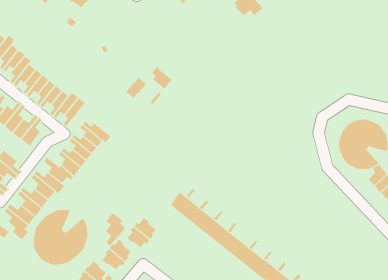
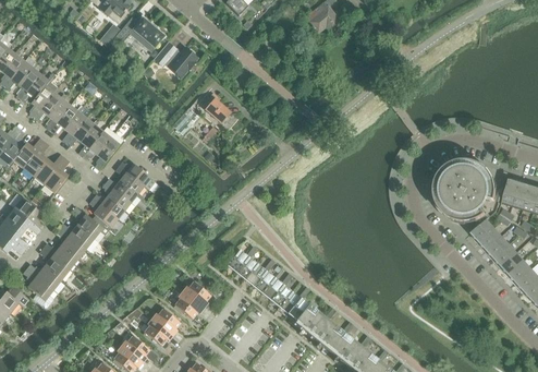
building: none -> [115,17,164,51]
building: none -> [154,43,197,77]
building: [33,209,88,265] -> none
building: [105,213,126,246] -> none

